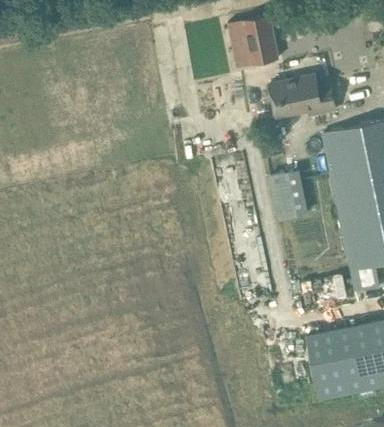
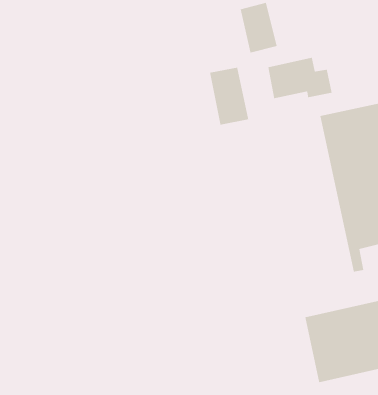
building: none -> [210,67,249,126]
building: [270,170,307,218] -> none

